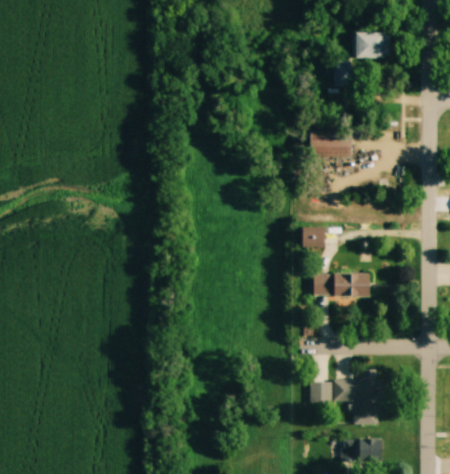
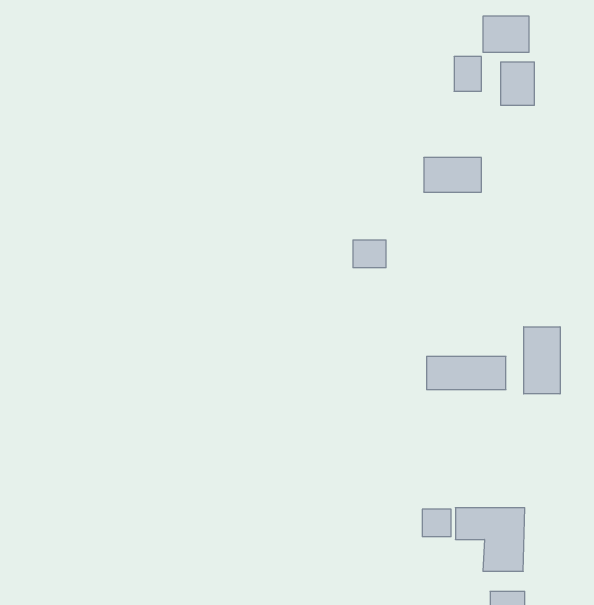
building: none -> [501,62,534,105]
building: [301,227,325,246] -> [353,240,386,268]
building: none -> [524,327,560,394]

